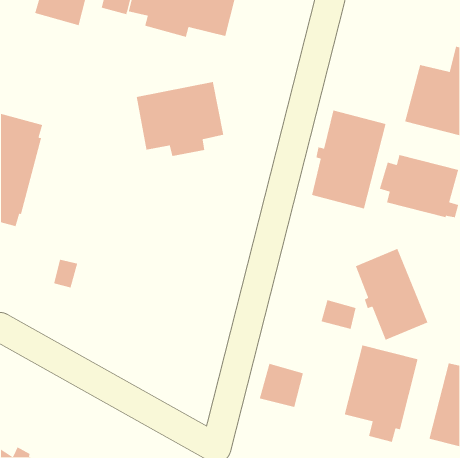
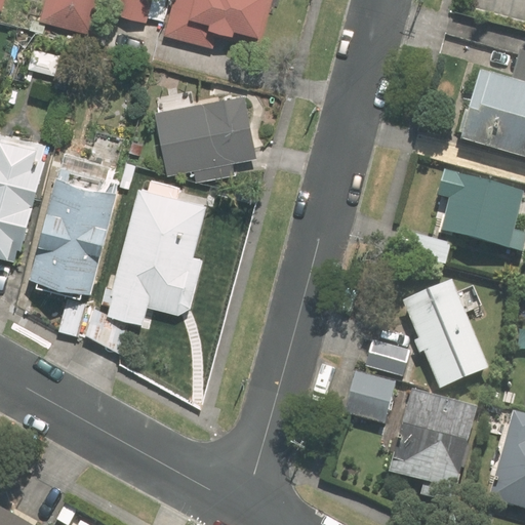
building: [311,109,386,210] -> none
building: none -> [30,162,116,288]
building: none -> [86,176,207,354]
building: [259,363,304,408] -> [345,370,396,421]

